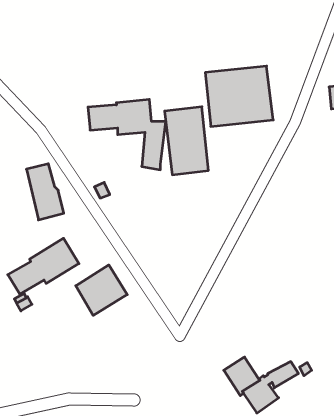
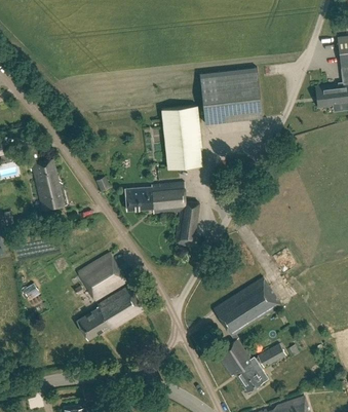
building: [88,99,166,170] -> [125,181,198,247]
building: [8,238,79,294] -> [76,286,143,338]
building: none -> [214,276,280,336]

